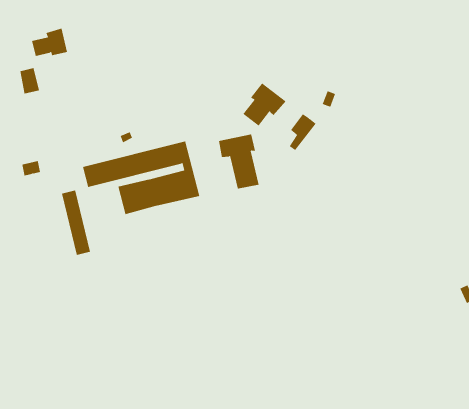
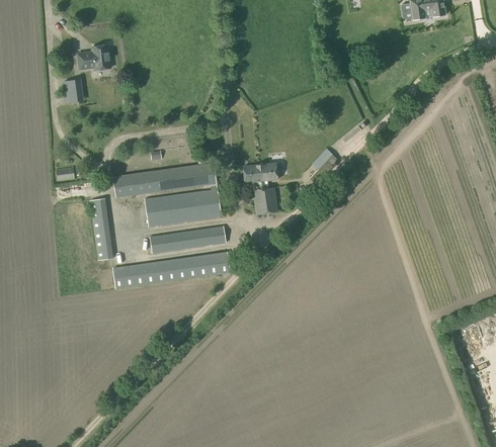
building: [243,82,286,126] -> none
building: none -> [149,226,226,253]
building: none -> [112,252,230,288]

